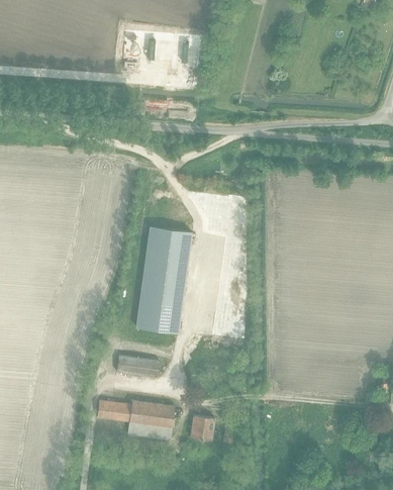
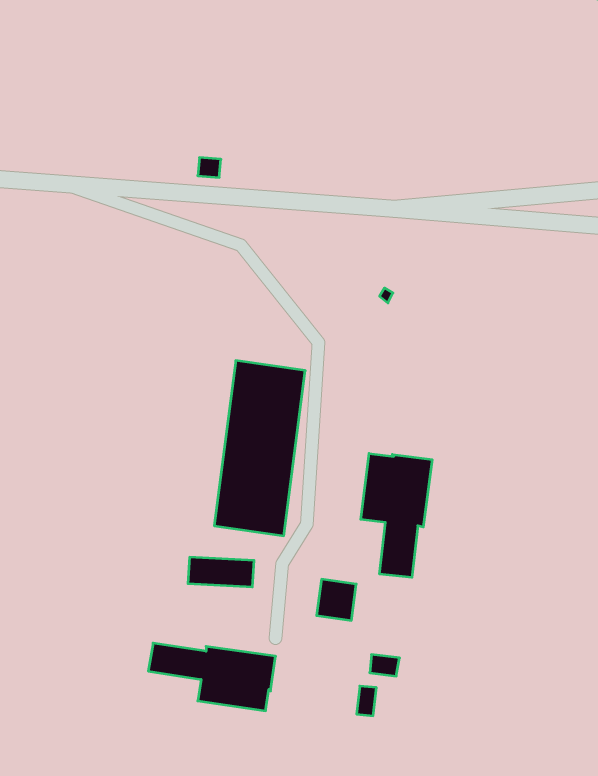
building: none -> [361,453,432,577]
building: [190,416,214,442] -> [317,579,356,620]

